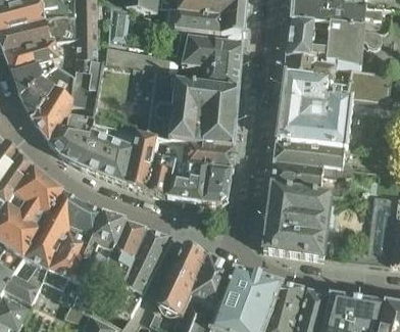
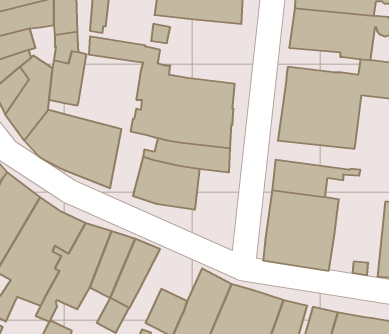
building: [182,35,243,89] -> none
building: [286,56,335,79] -> none
building: [126,130,158,190] -> none
building: [274,140,344,167] -> none
building: [202,165,232,203] -> none
building: [171,243,208,285] -> none

